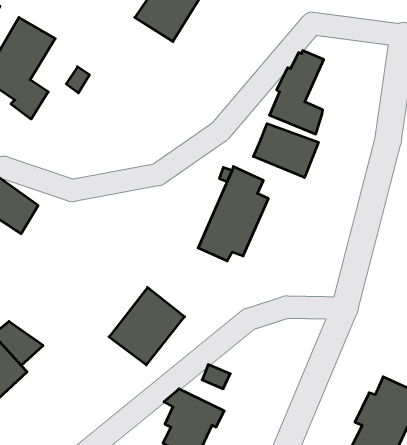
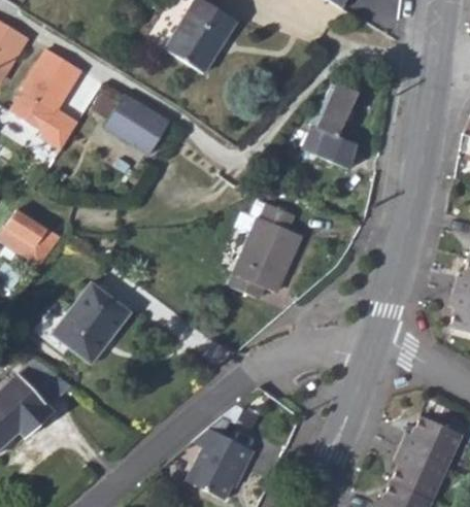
building: none -> [109,97,166,149]
building: [253,124,318,178] -> none
building: [109,287,185,365] -> [53,283,130,363]

